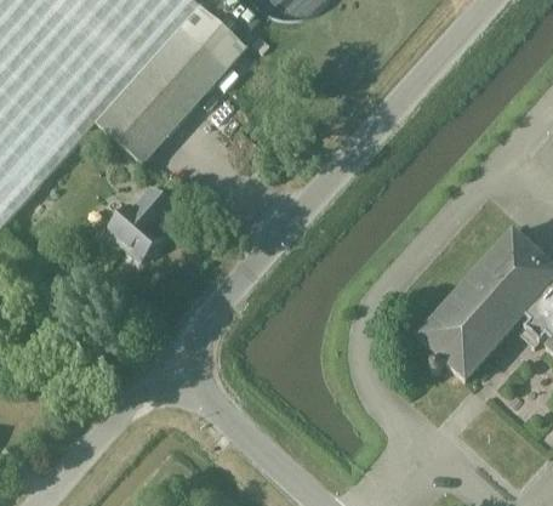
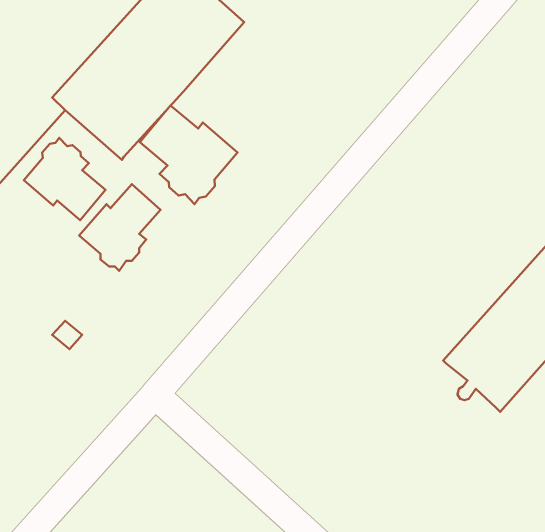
building: none -> [140,105,238,204]
building: none -> [24,138,106,220]

